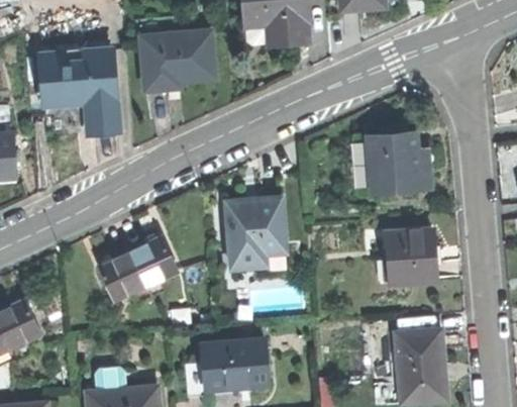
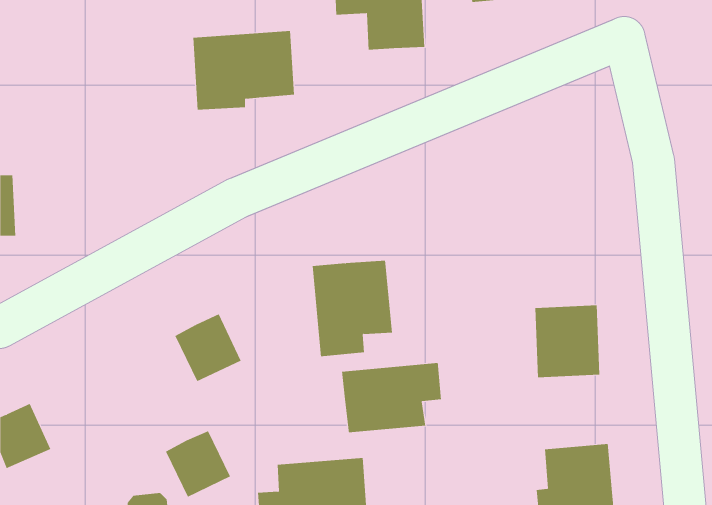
building: [41,52,117,133] -> none
building: [368,132,429,192] -> none
building: [97,251,144,300] -> [165,430,231,498]
building: none -> [342,362,441,433]

